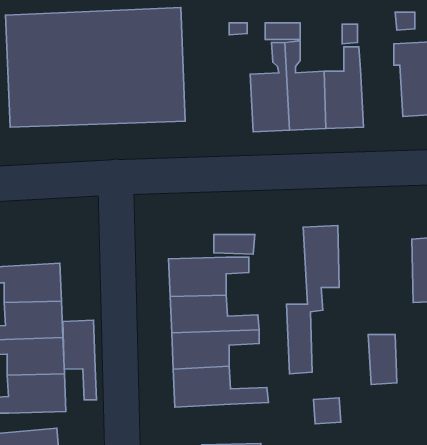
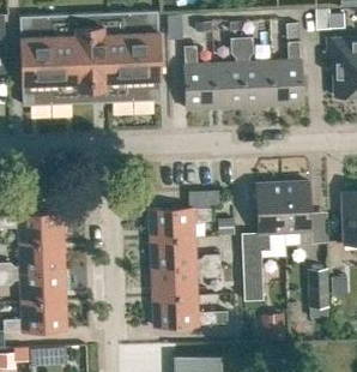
building: none -> [183,47,216,110]
building: none -> [283,182,311,245]
building: [63,320,96,400] -> none

